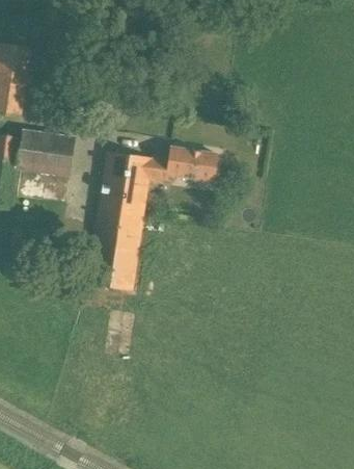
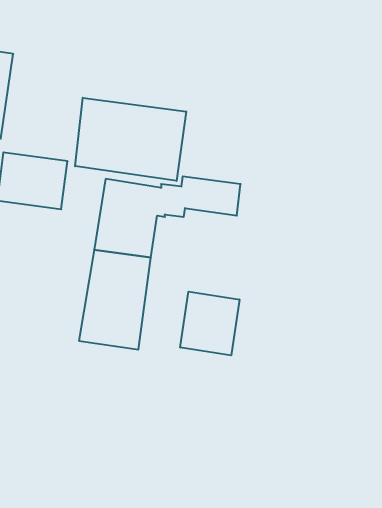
building: none -> [75,98,186,181]
building: none -> [180,292,239,355]

